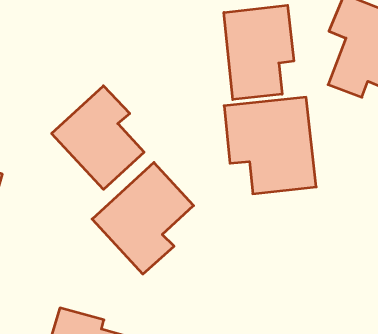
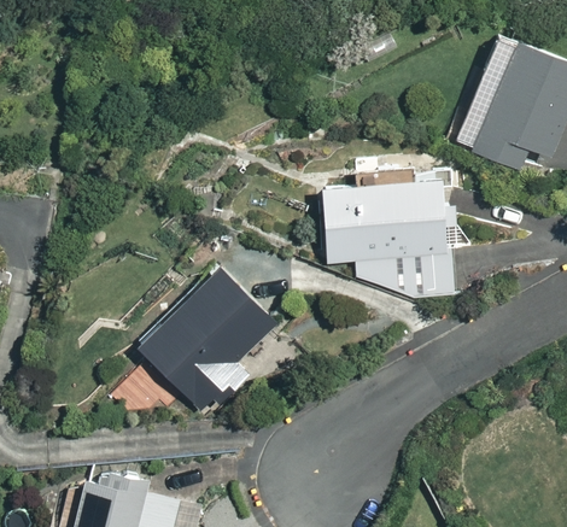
building: [224,5,294,100] -> none
building: [52,86,144,189] -> none

